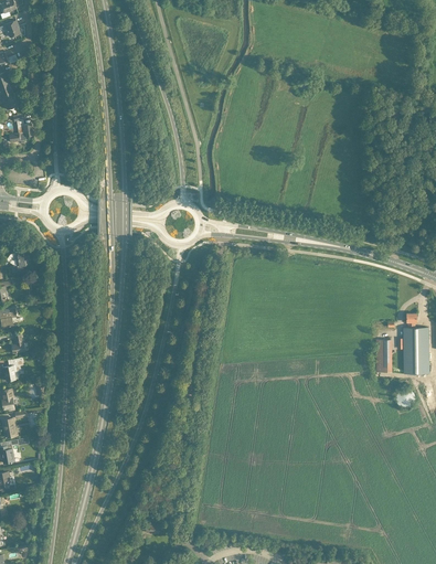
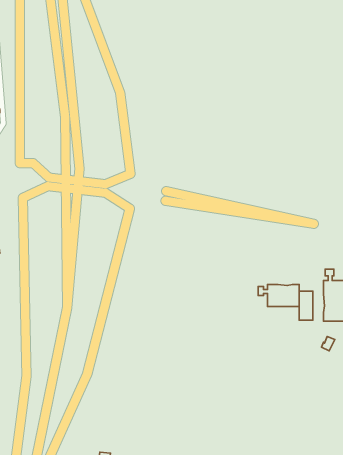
building: none -> [258,284,299,306]

